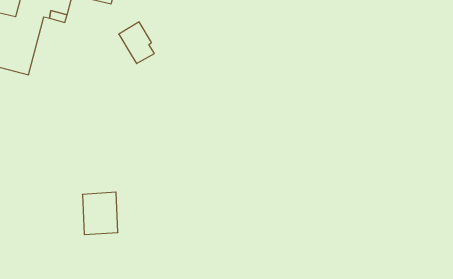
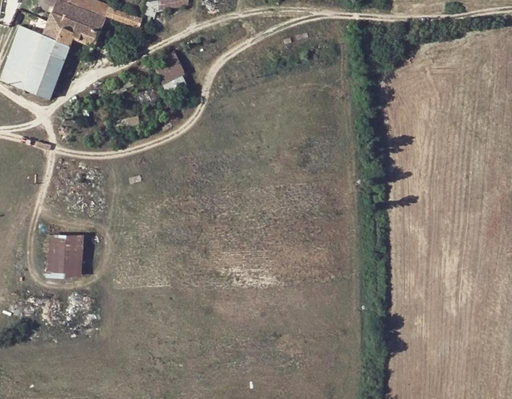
building: [82,192,118,235] -> [44,233,82,277]

